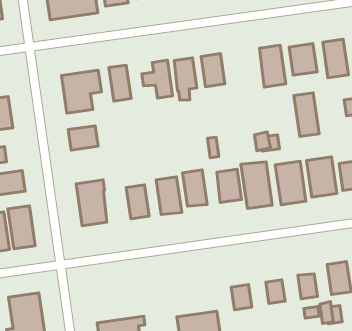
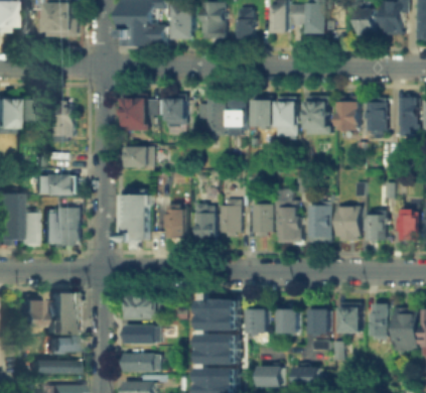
building: [294,93,319,137] -> [277,98,295,136]
building: none -> [196,296,234,328]
building: none -> [123,295,157,316]

